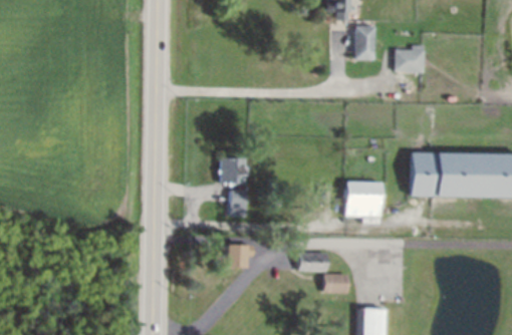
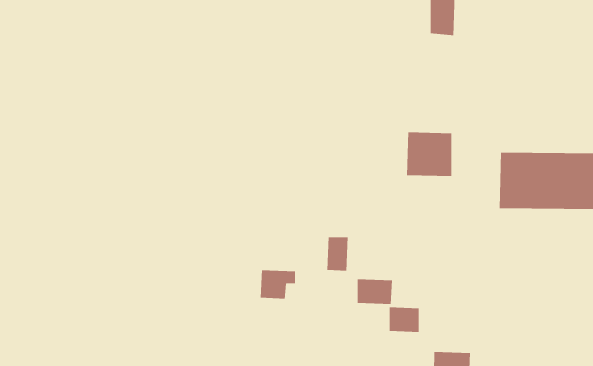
building: [395,49,425,73] -> none
building: [219,157,244,184] -> none
building: [345,183,381,218] -> [406,132,452,177]
building: [229,190,246,217] -> [327,237,348,271]

